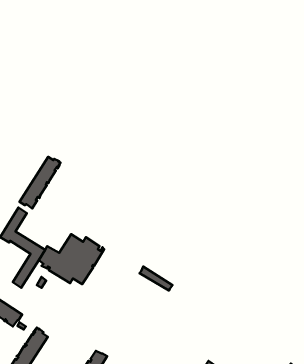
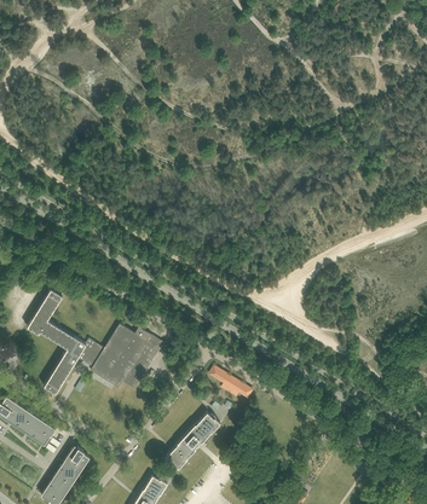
building: [19,157,61,209] -> none
building: none -> [166,413,220,469]

